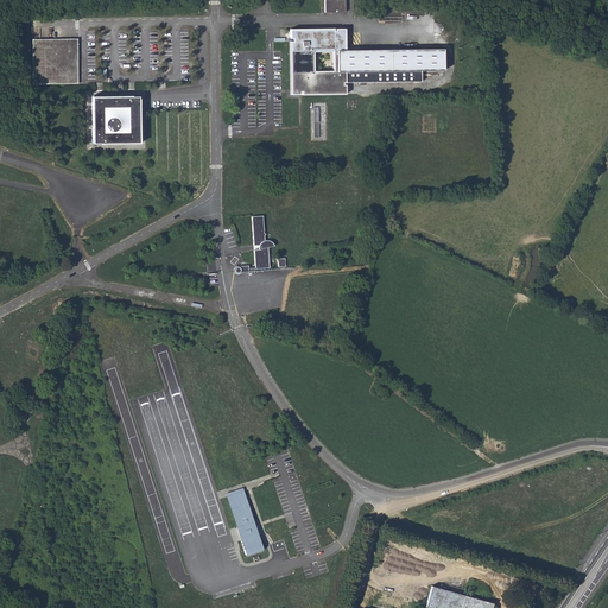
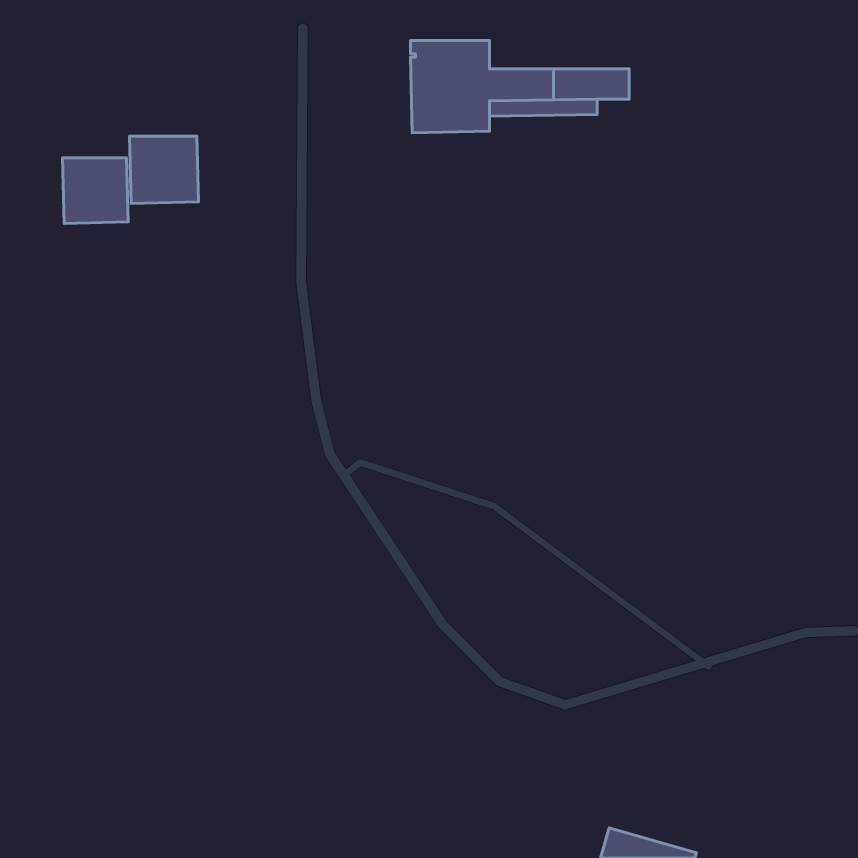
building: [33,38,80,84] -> [63,158,128,223]
building: [253,215,276,268] -> none
building: [226,489,262,555] -> none

